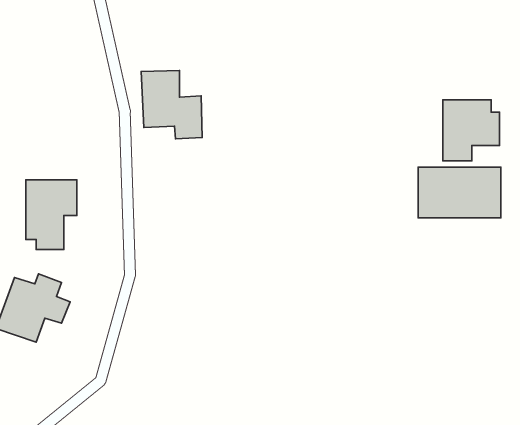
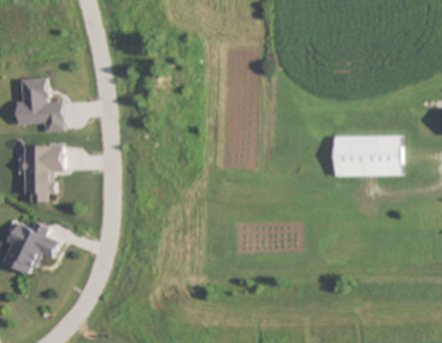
building: [141,70,202,139] -> [18,77,66,131]
building: [443,100,499,161] -> none

